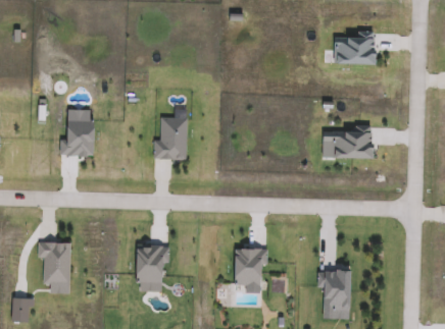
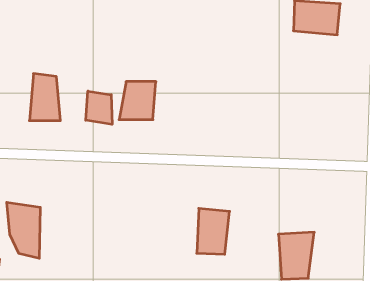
building: none -> [86,91,112,124]
building: [322,131,377,163] -> none
building: [136,242,168,284] -> none

